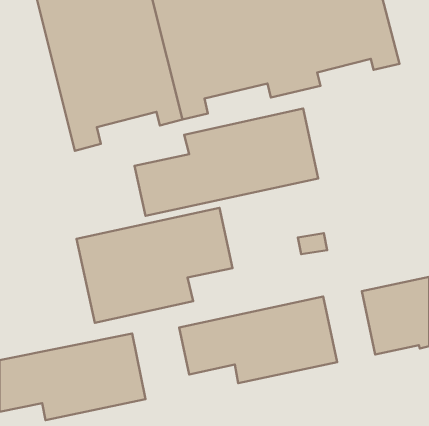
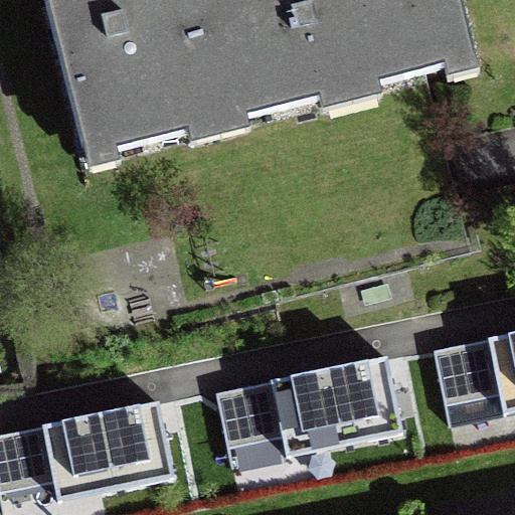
building: [134,108,318,216] -> none
building: [77,208,233,323] -> none

